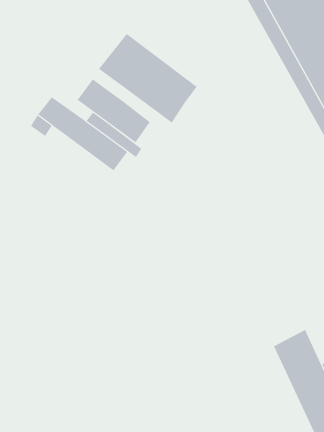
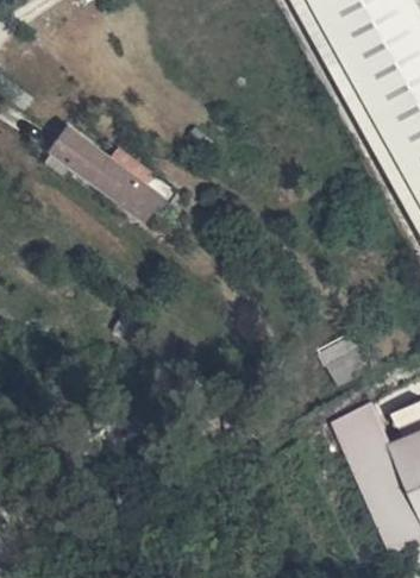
building: [98,33,198,124] -> none
building: [77,78,151,143] -> none

